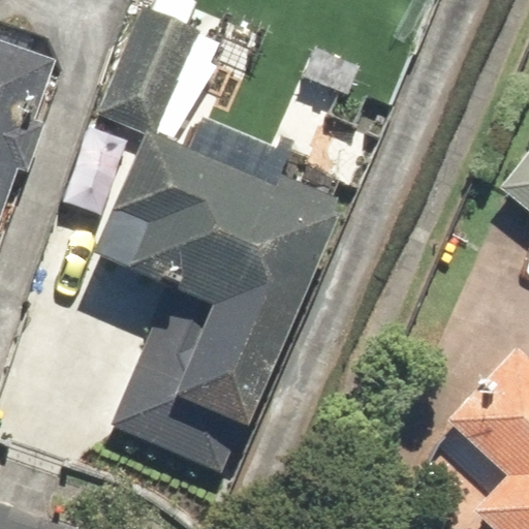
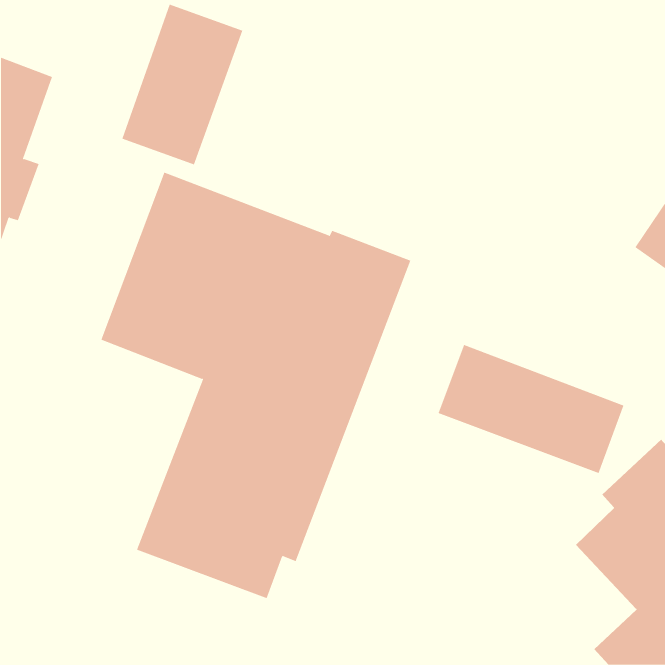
building: none -> [438,344,624,474]

